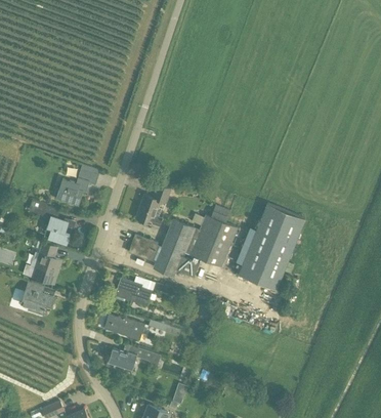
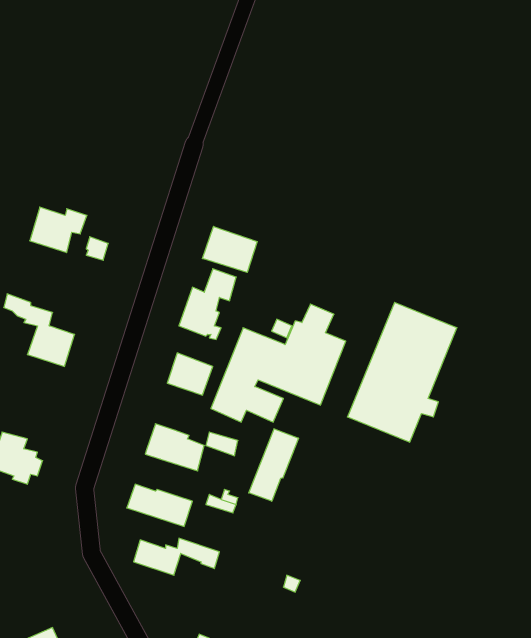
building: none -> [202,226,257,272]
building: [54,178,89,206] -> [30,207,87,253]
building: [32,243,58,284] -> none
building: none -> [249,429,298,501]

